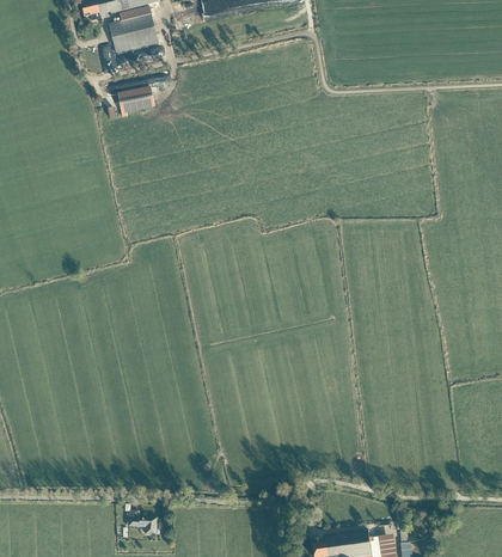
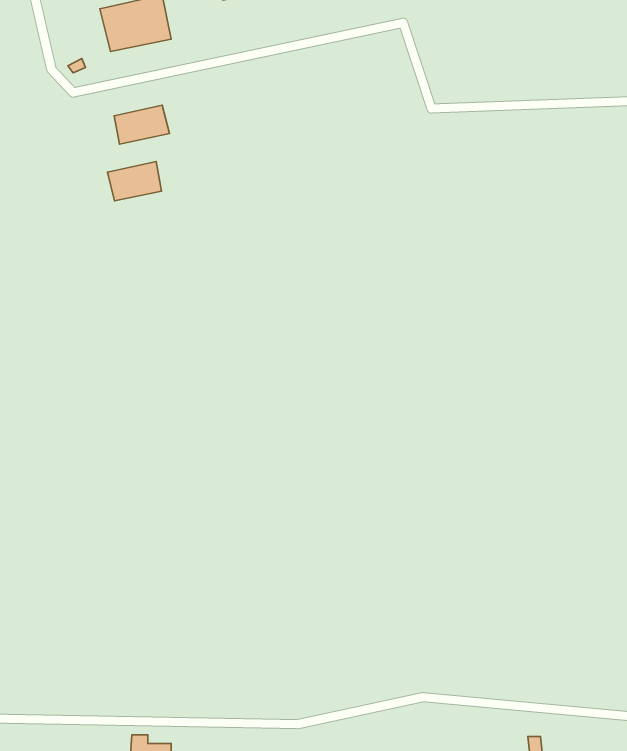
building: none -> [108,162,161,201]

